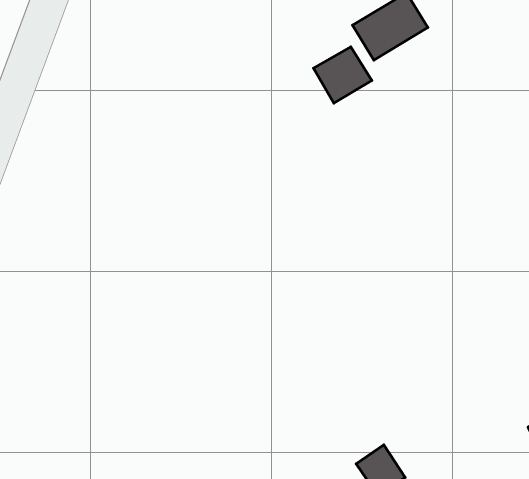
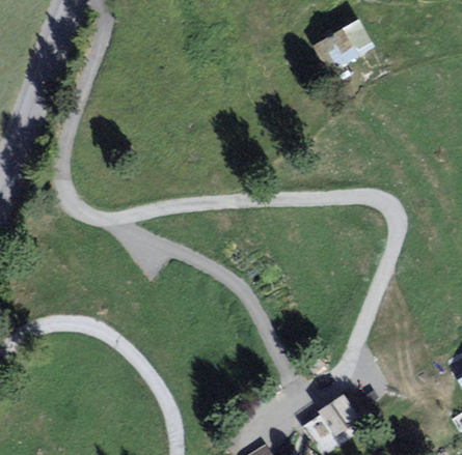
building: [314,47,372,103] -> none

